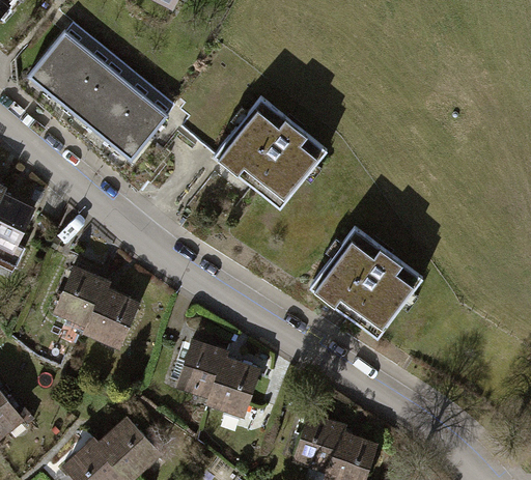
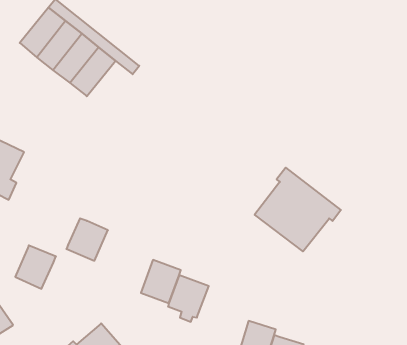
building: [110,98,166,160] -> none
building: [215,98,326,204] -> none
building: [55,271,105,323] -> [15,245,56,289]

